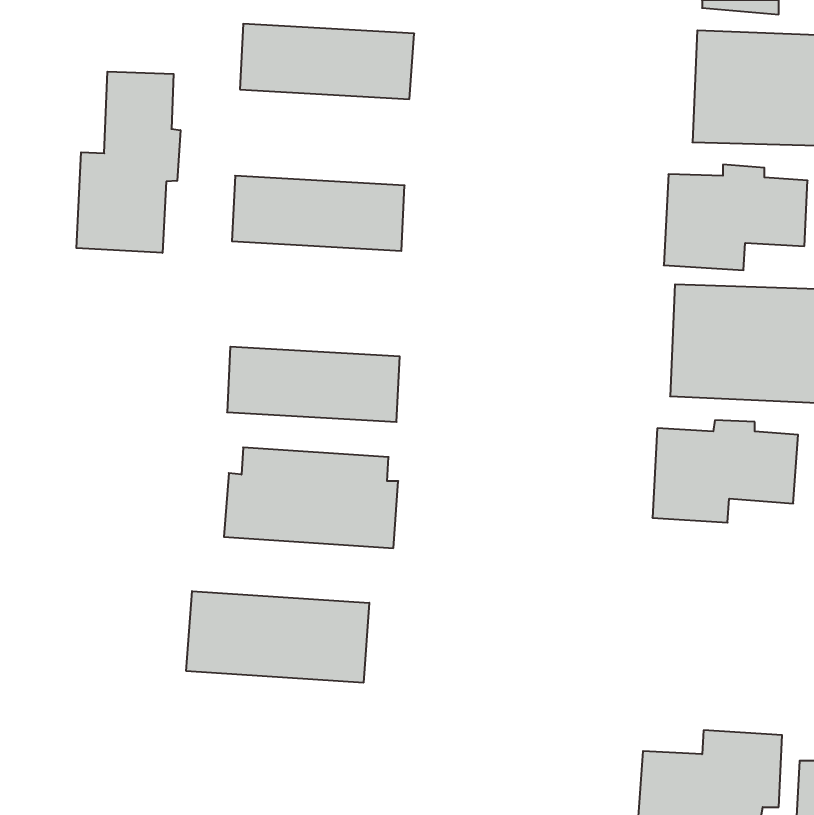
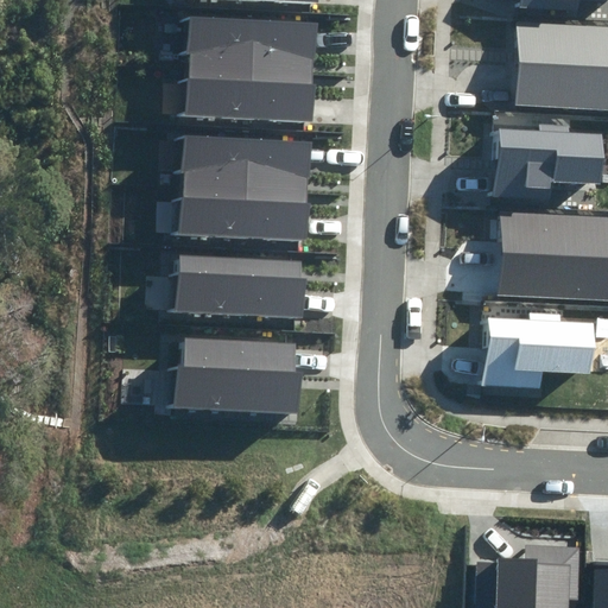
building: [76,72,180,253] -> none
building: none -> [178,68,306,124]
building: none -> [171,180,300,236]
building: [186,591,369,683] -> none

